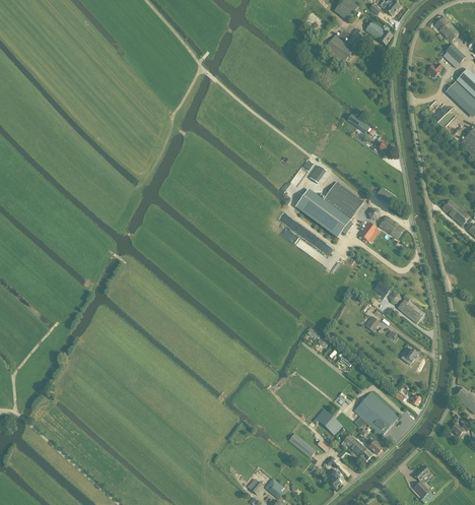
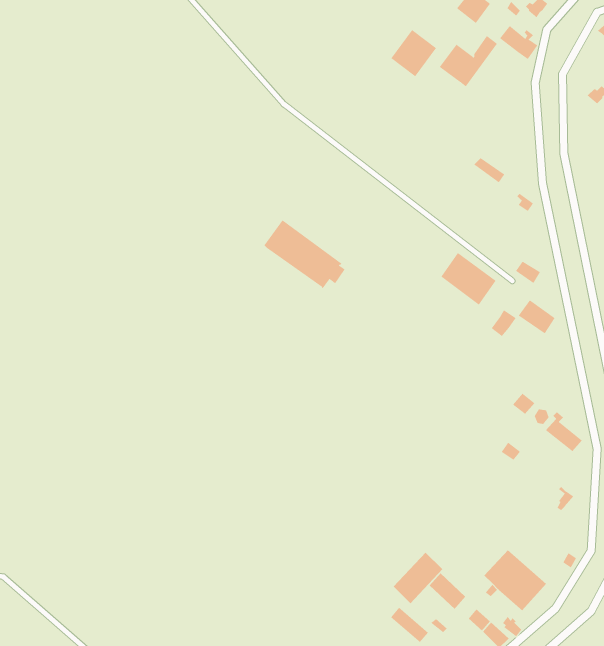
building: none -> [391,29,437,77]
building: [294,188,352,238] -> [264,219,345,290]
building: none -> [393,552,443,604]

